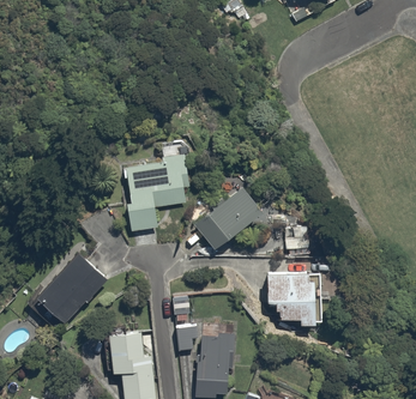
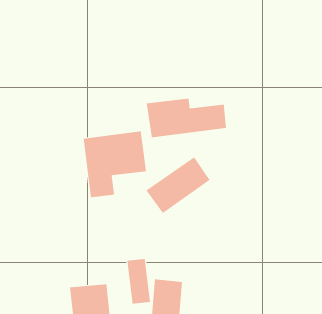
building: none -> [146,98,227,138]
building: [34,253,105,325] -> none
building: [266,274,322,327] -> none

